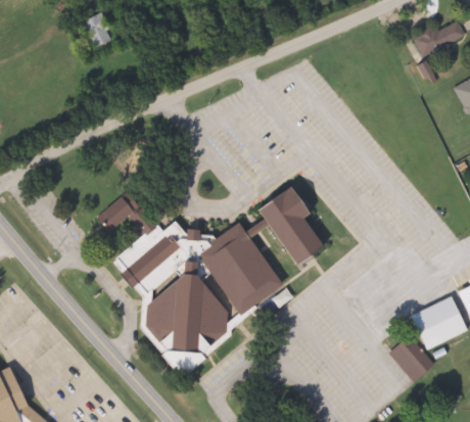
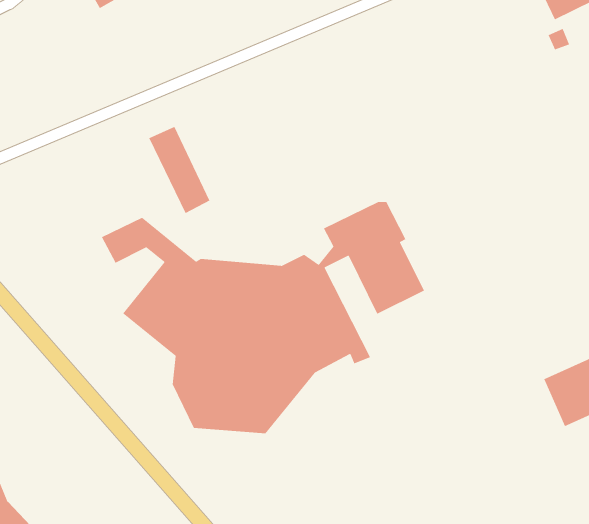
building: none -> [148,126,211,214]
building: [390,342,427,382] -> none

